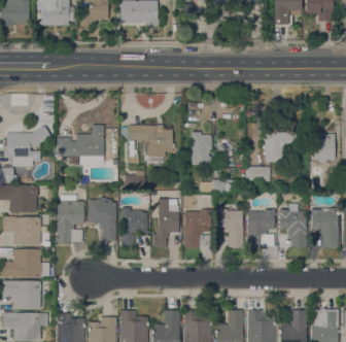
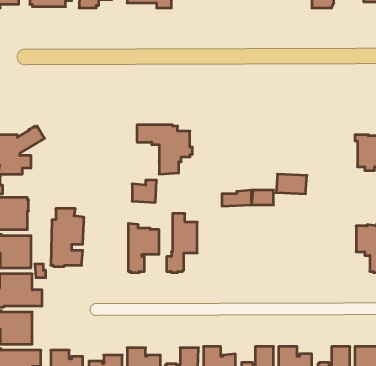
building: [57,125,103,165] -> none
building: [191,132,211,165] -> none
building: [264,133,298,162] -> none
building: [88,197,116,242] -> none
building: [215,204,242,248] -> none
building: [278,204,306,247] -> none
building: [246,209,274,248] -> none
building: [183,210,210,248] -> none

